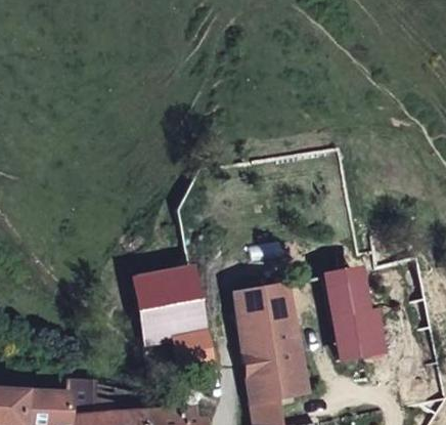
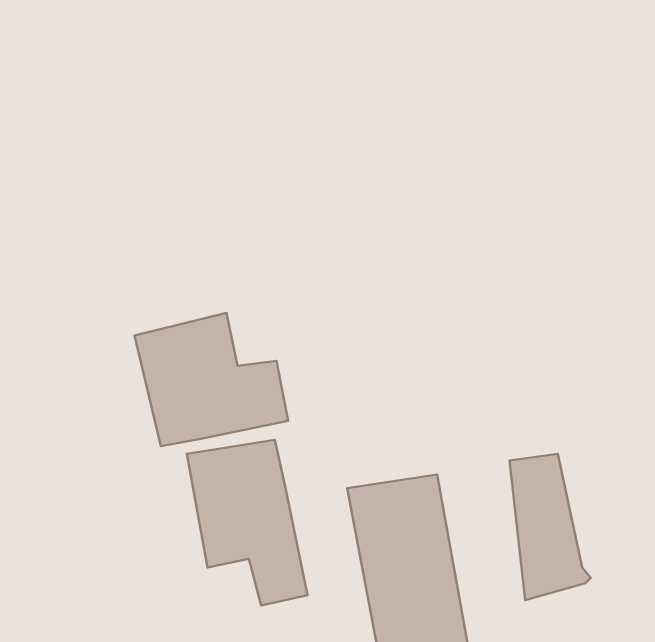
building: none -> [134,313,288,446]

